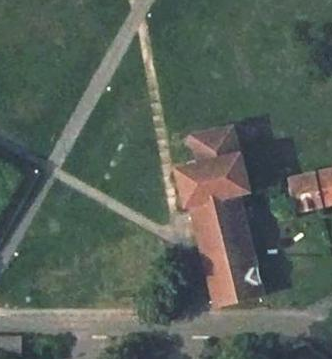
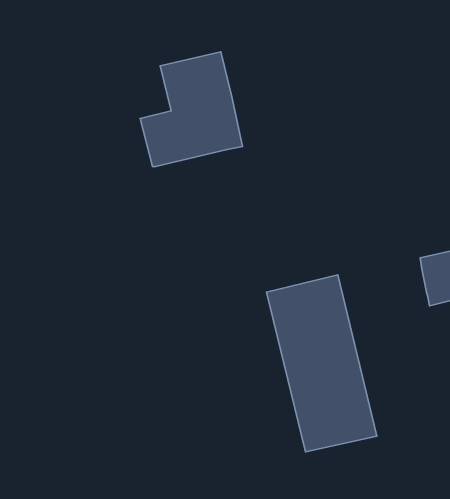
building: [180,127,246,201] -> [140,52,243,167]

